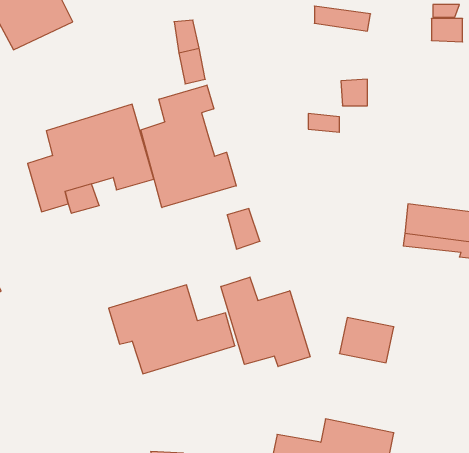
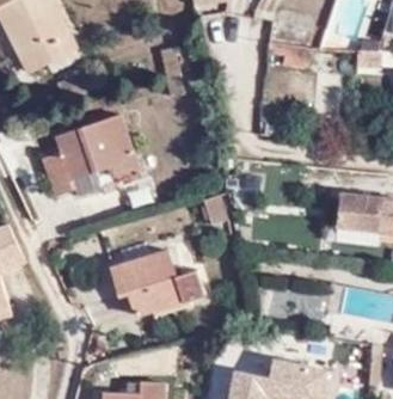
building: [141,85,236,208] -> none
building: [221,277,310,367] -> none

